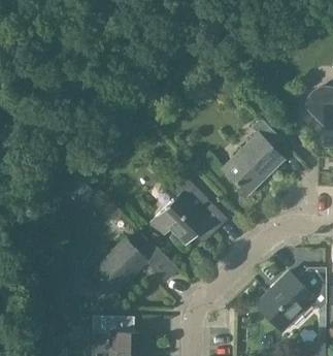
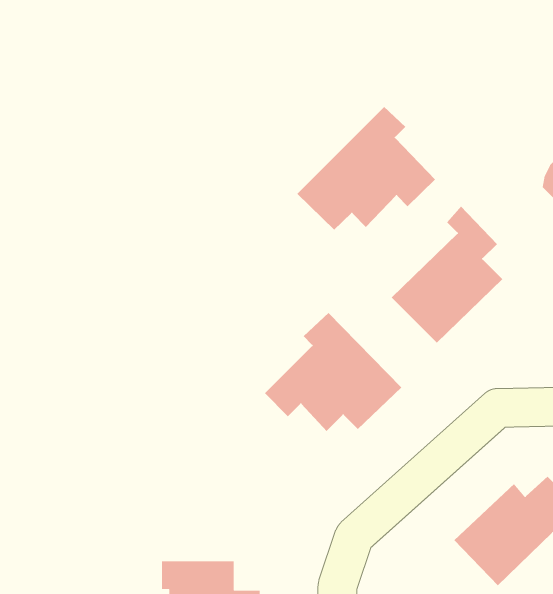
building: none -> [296,106,436,231]
building: [89,239,176,296] -> none

